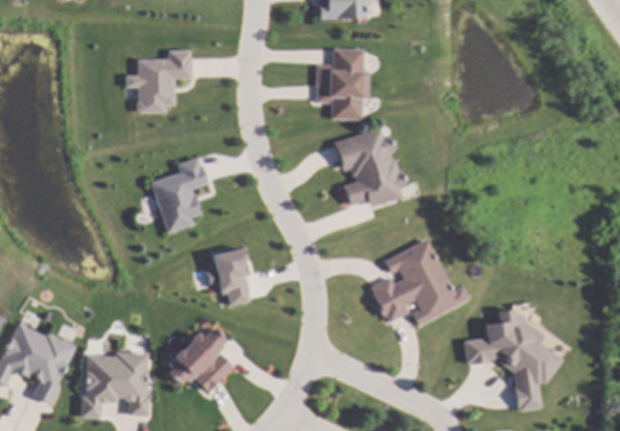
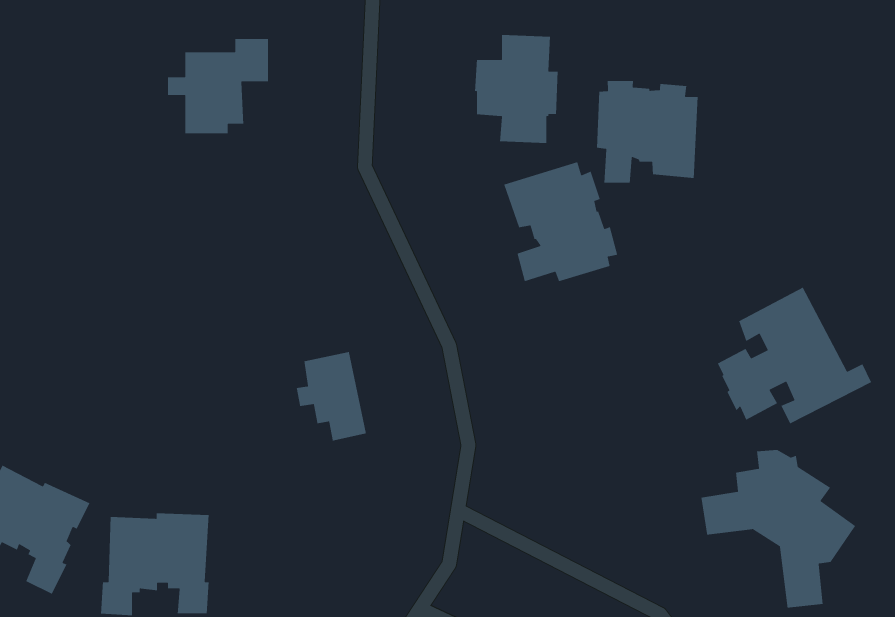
building: none -> [596,80,698,183]
building: [148,157,203,234] -> none
building: [371,237,469,324] -> [717,286,872,425]
building: [167,323,232,390] -> none

